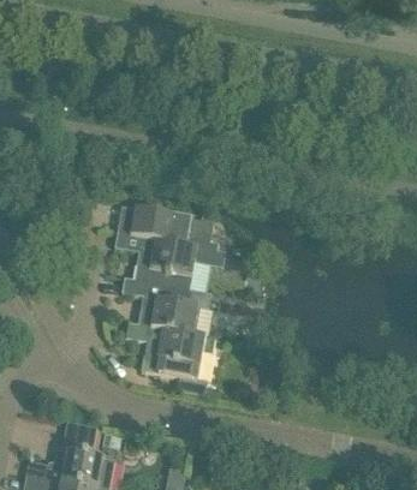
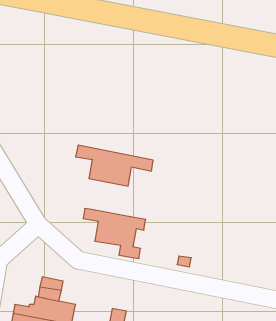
building: [118,209,219,251] -> none
building: [120,279,212,336] -> none

